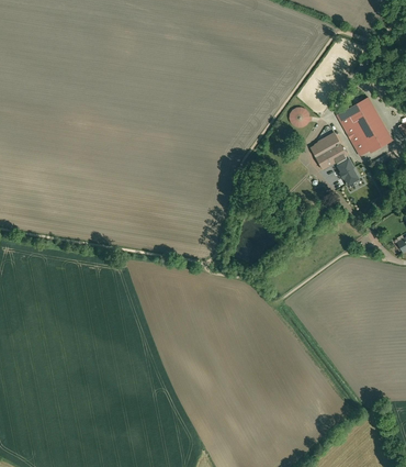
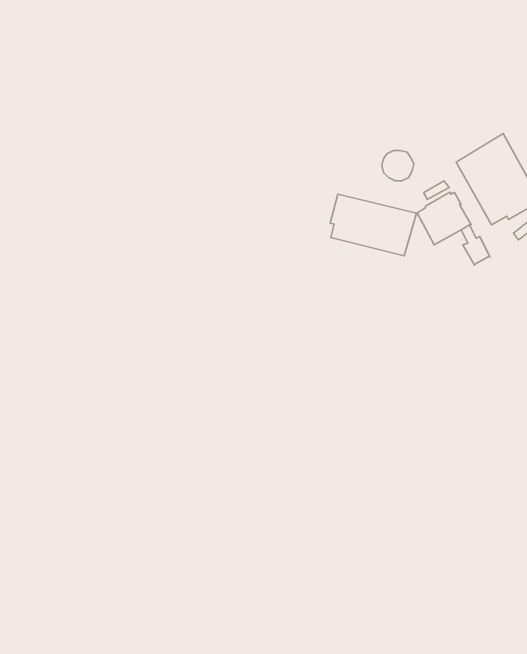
building: none -> [330,194,416,256]

